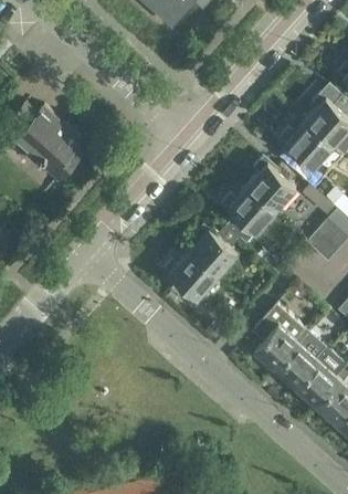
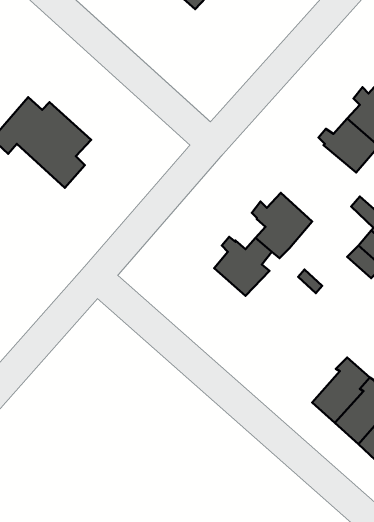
building: [247,158,296,211] -> none
building: [164,252,217,299] -> none
building: [254,304,306,370] -> none

